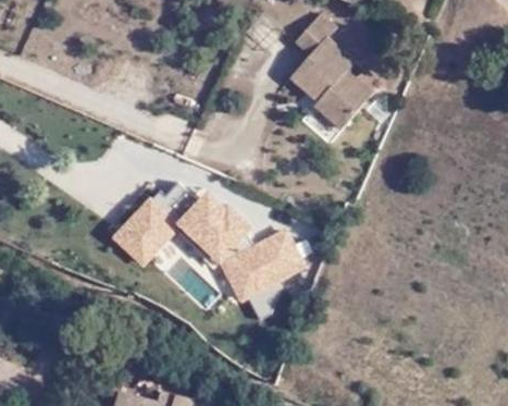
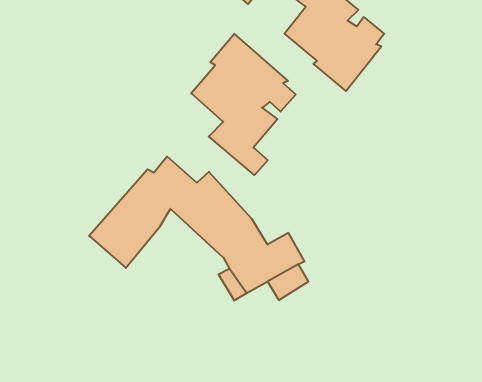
building: none -> [191,34,296,175]

